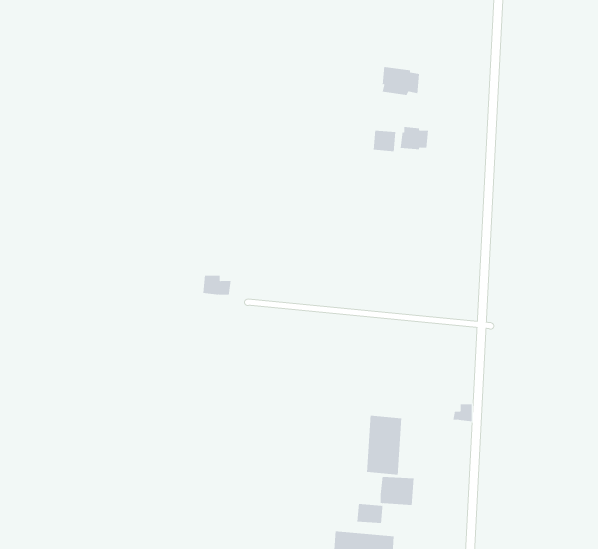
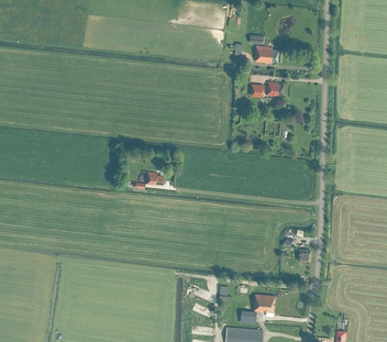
building: [366,415,402,475] -> none

